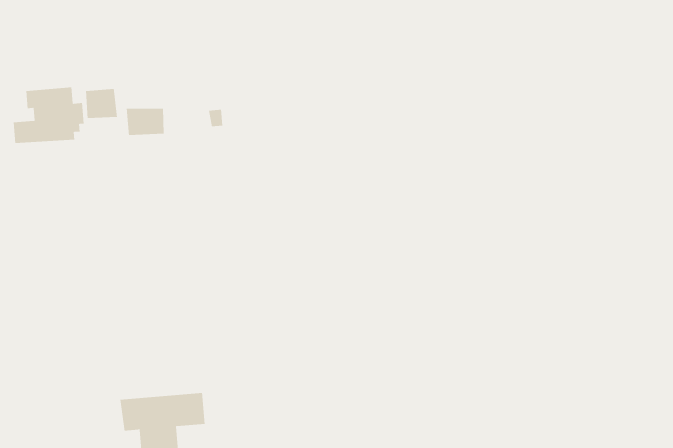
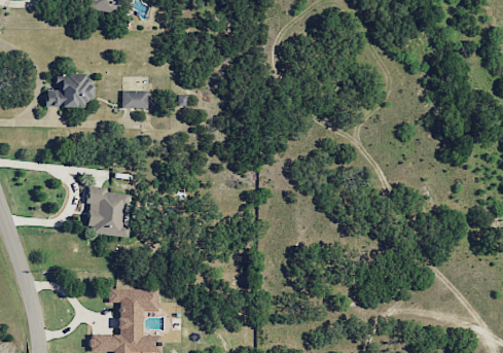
building: [86,88,118,119] -> none
building: none -> [87,186,129,237]

